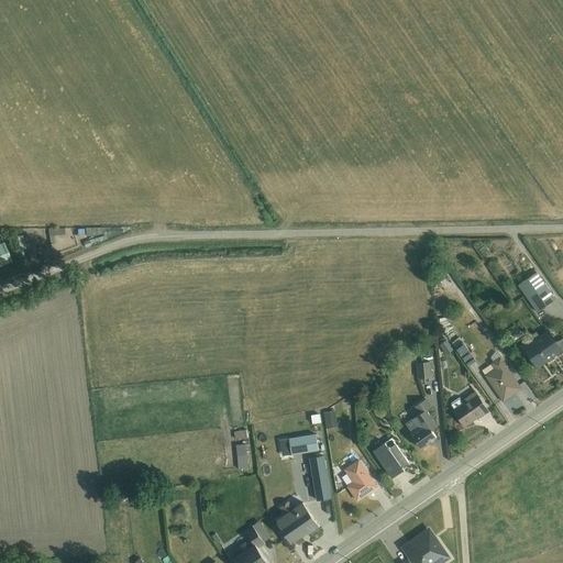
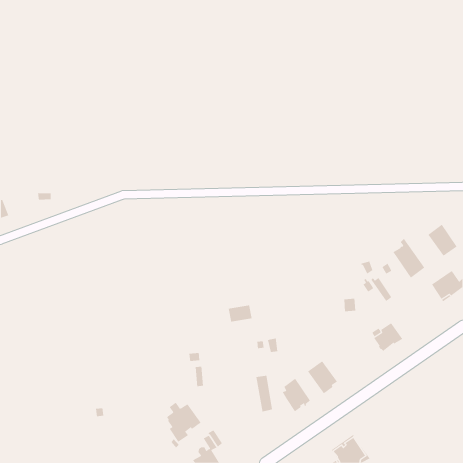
building: [482,352,521,401] -> [392,238,425,279]
building: [406,398,437,449] -> none
building: [289,433,319,454] -> [228,305,252,322]
building: [277,500,320,550] -> [166,402,201,443]

